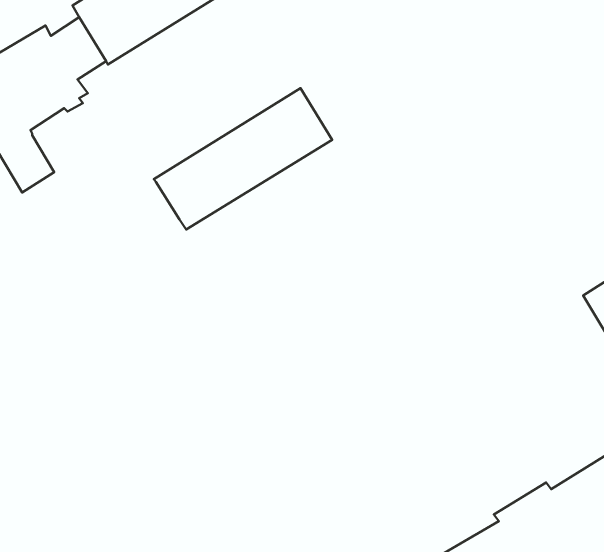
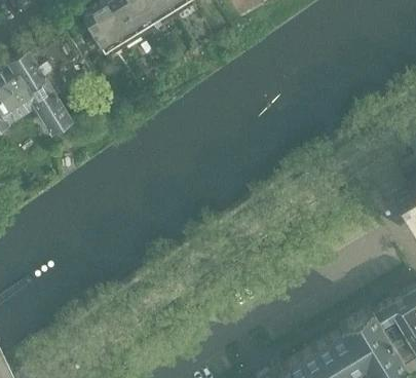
building: [154,88,332,229] -> none

